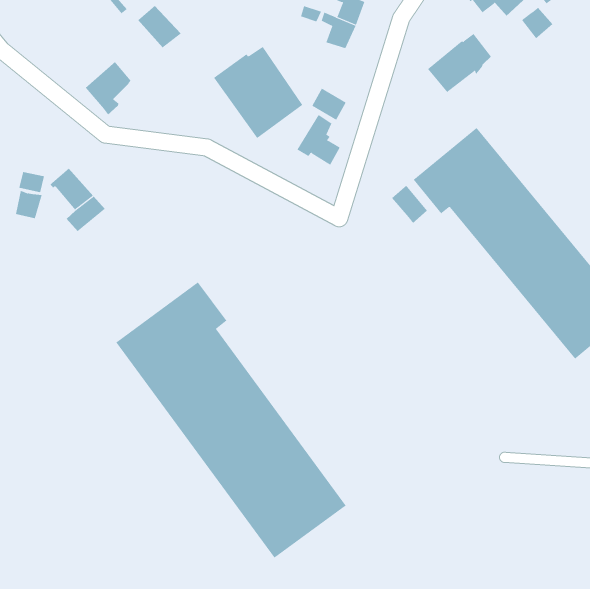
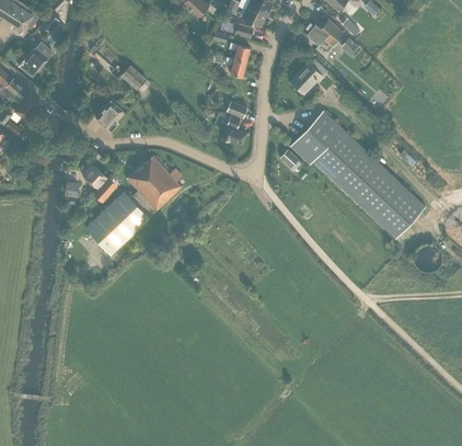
building: [213,46,303,139] -> [127,156,181,209]
building: none -> [86,192,148,253]
building: [115,281,347,558] -> none

